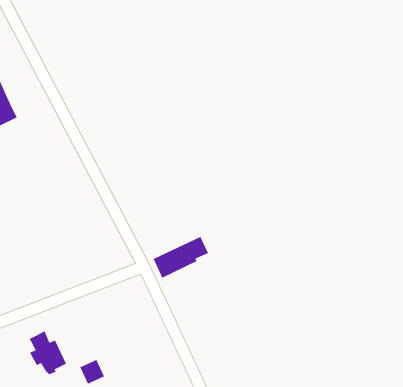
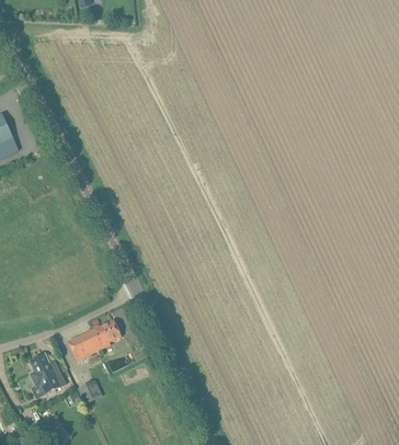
building: [153,236,209,278] -> [67,319,121,360]

